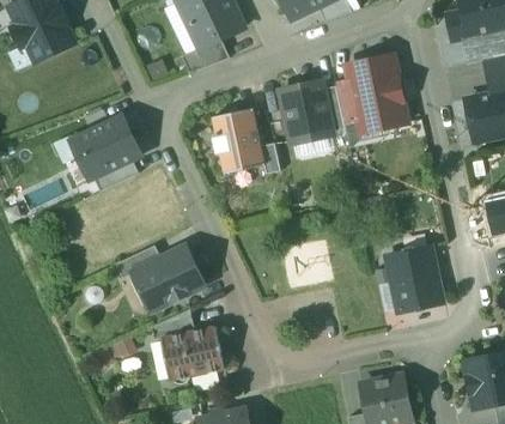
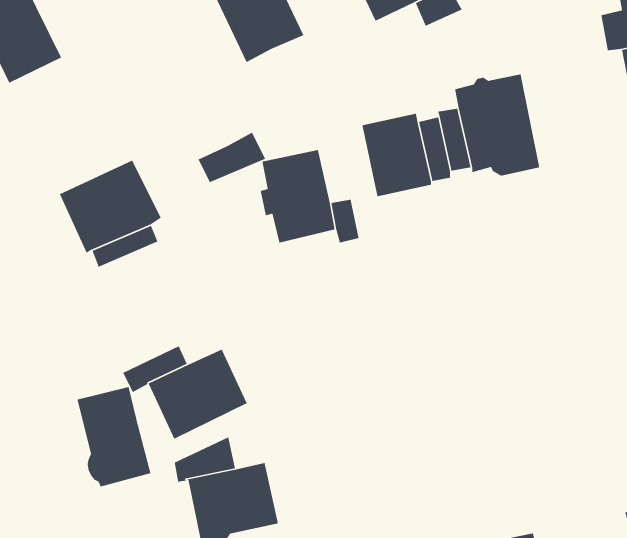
building: [181,38,229,74] -> [197,132,266,183]
building: [385,246,442,311] -> none
building: none -> [76,386,152,488]

